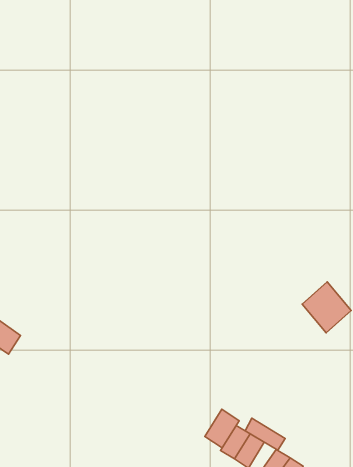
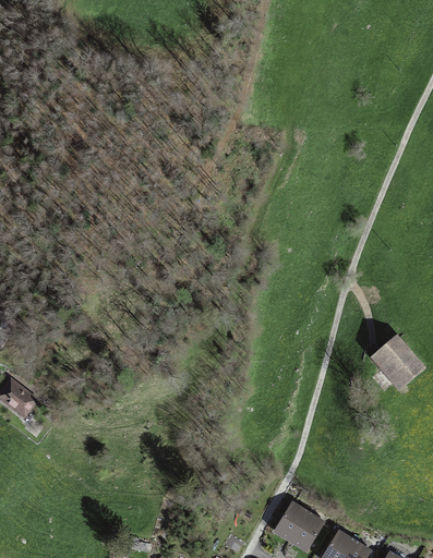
building: [205,409,239,448] -> none
building: [245,418,285,450] -> none

